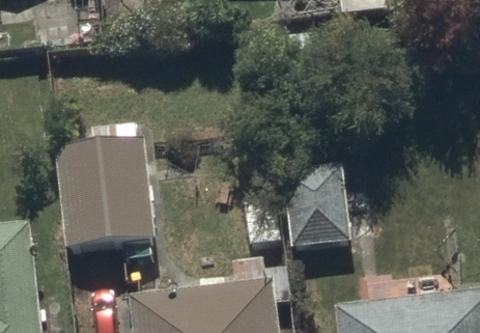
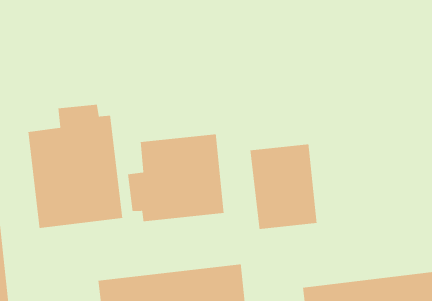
building: none -> [127,133,225,222]

